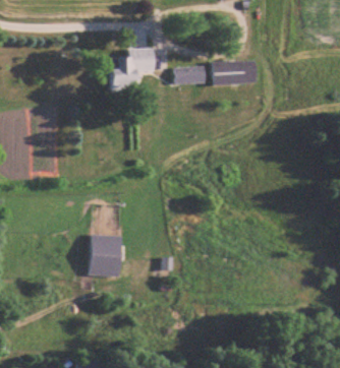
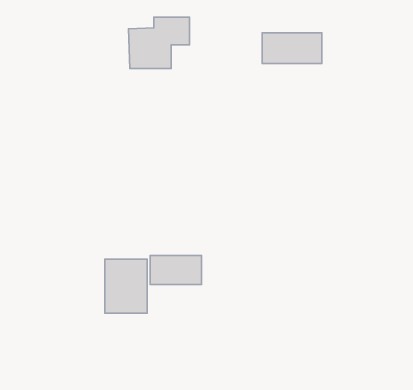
building: [172,66,205,83] -> none
building: none -> [150,256,201,285]

